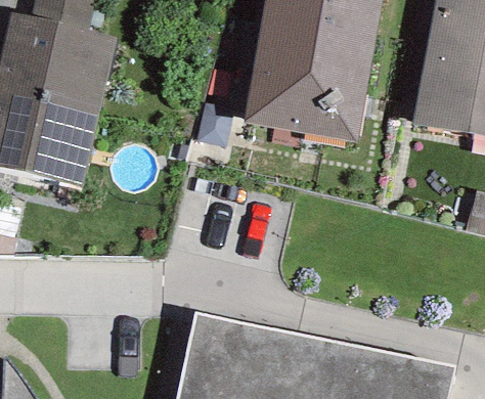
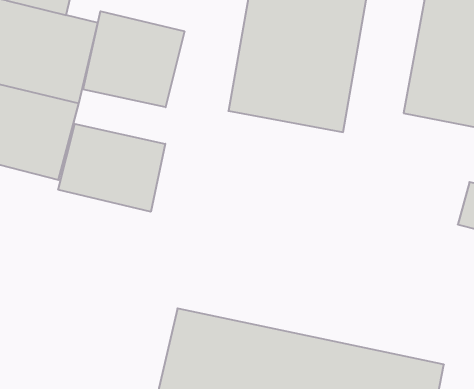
building: none -> [83,11,184,107]
building: none -> [58,124,165,212]

